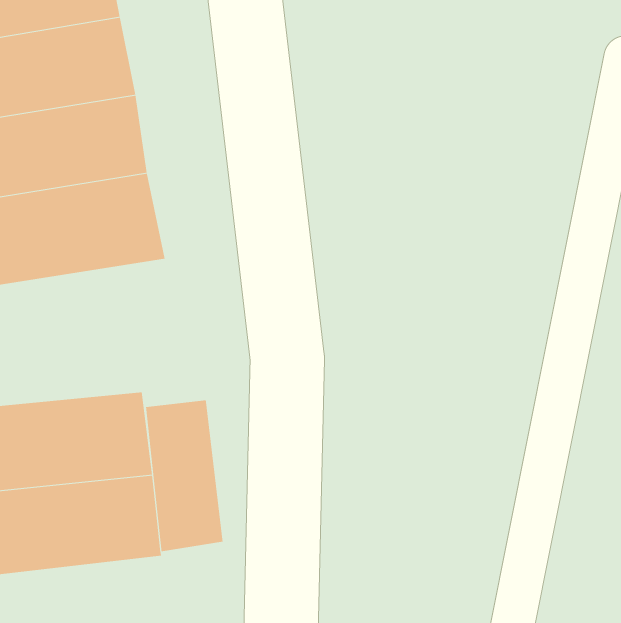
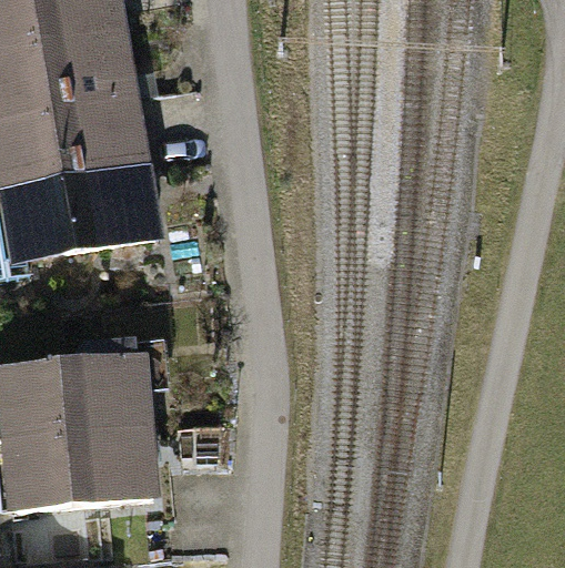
building: [146,400,223,552] -> none

